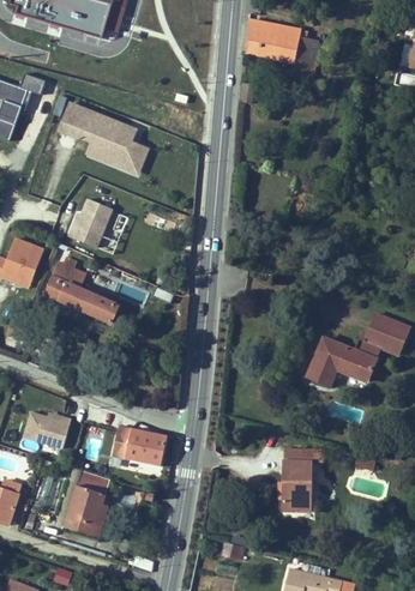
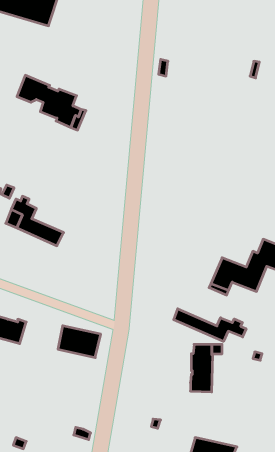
building: [246,19,319,77] -> none
building: [68,198,112,247] -> none
building: none -> [174,309,246,341]
building: [55,466,128,535] -> none

